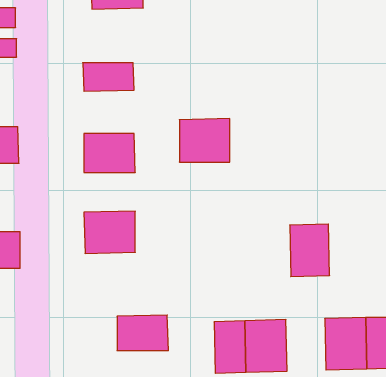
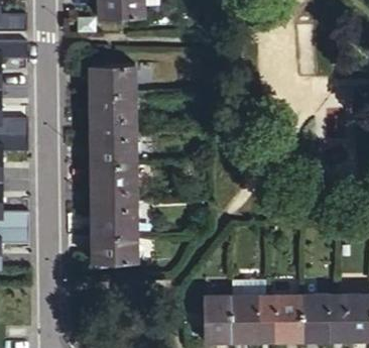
building: [179,119,230,162] -> [89,90,133,128]
building: none -> [89,162,134,198]
building: [290,224,330,277] -> [267,292,302,338]
building: [117,315,168,351] -> [90,233,135,264]

